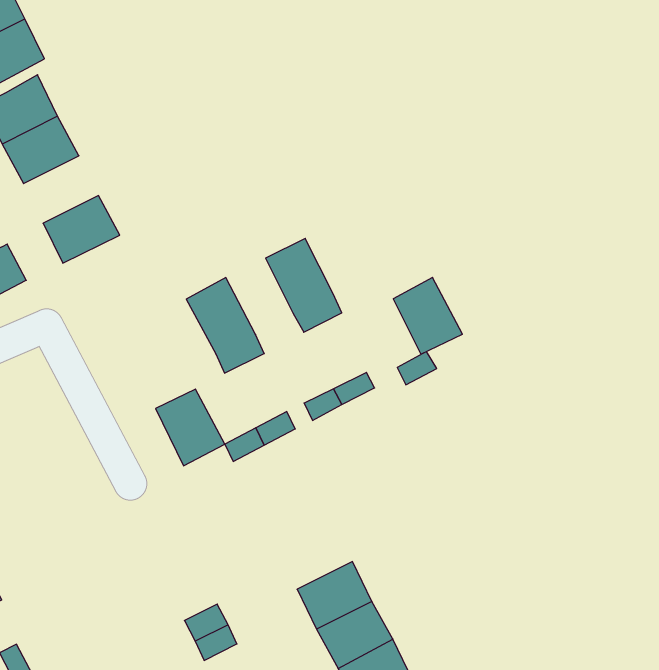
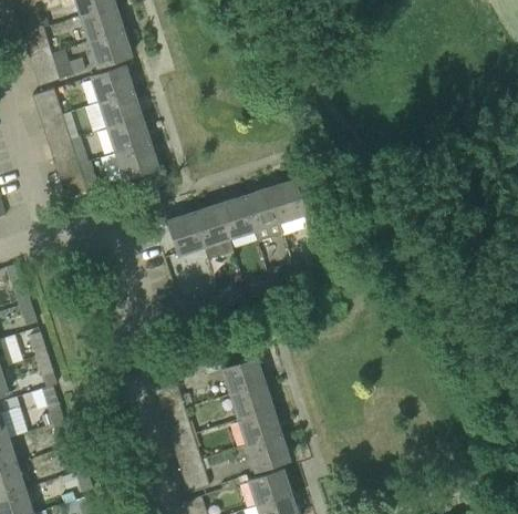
building: none -> [107,117,151,154]
building: none -> [218,196,255,240]
building: [393,277,462,354] -> [269,179,307,224]
building: [156,389,225,466] -> [167,213,205,257]
building: none -> [221,358,266,395]

